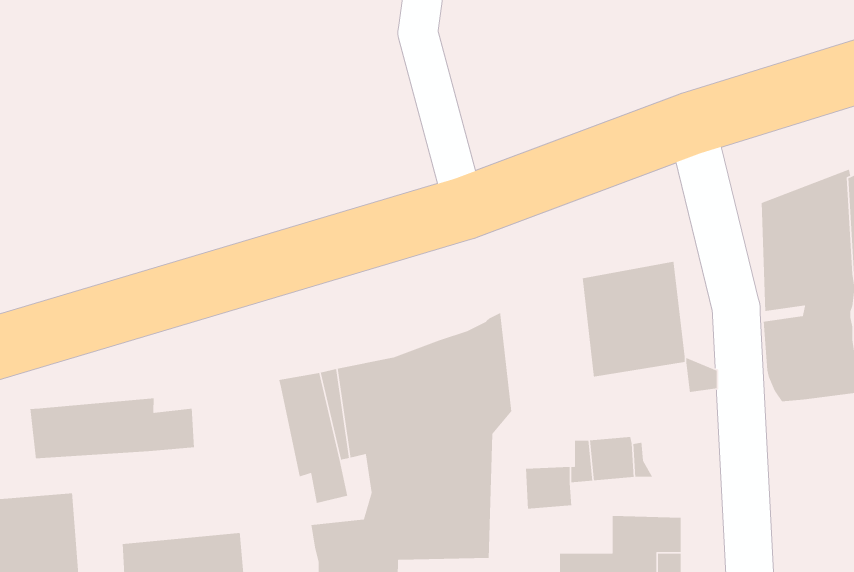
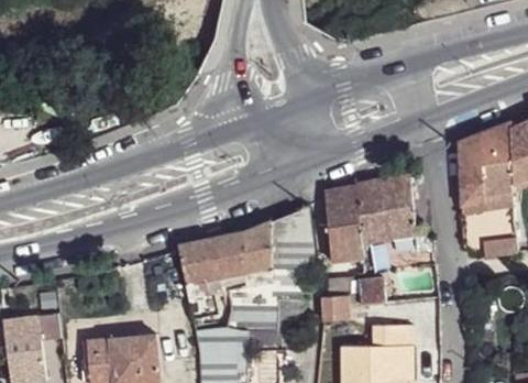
building: none -> [322,185,363,261]
building: [29,398,195,459] -> none

